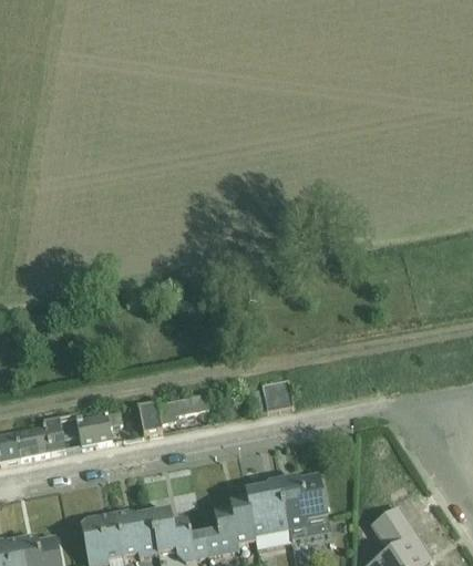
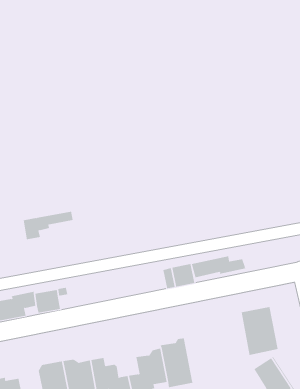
building: none -> [191,255,246,278]
building: [140,395,208,434] -> [23,211,74,240]
building: [280,472,331,538] -> [241,307,278,356]

